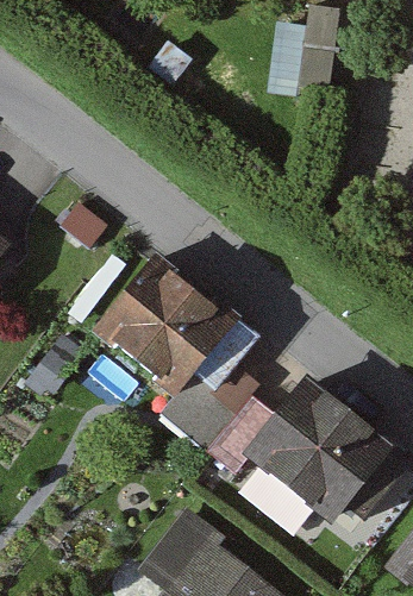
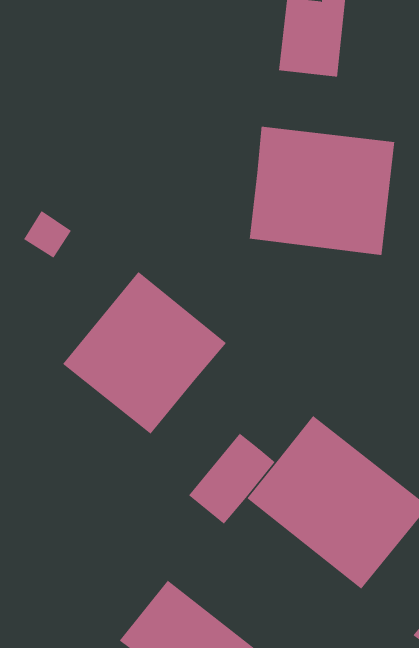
building: none -> [249,126,395,256]
building: [156,350,252,448] -> none

